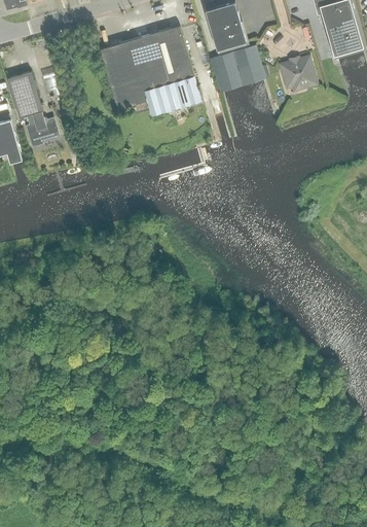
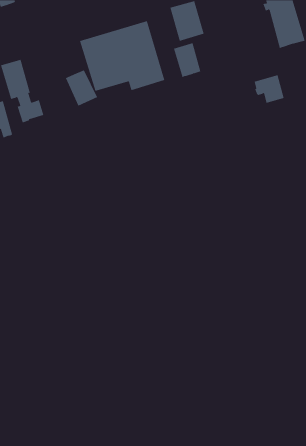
building: [232,45,265,85] -> none
building: [280,57,316,91] -> [254,74,284,103]
building: none -> [65,69,98,106]

